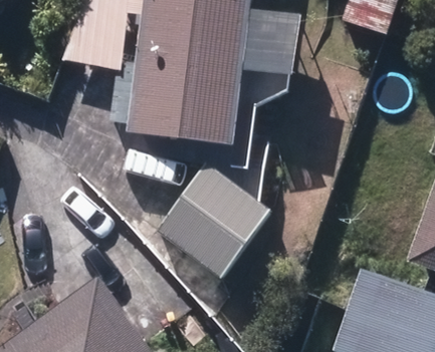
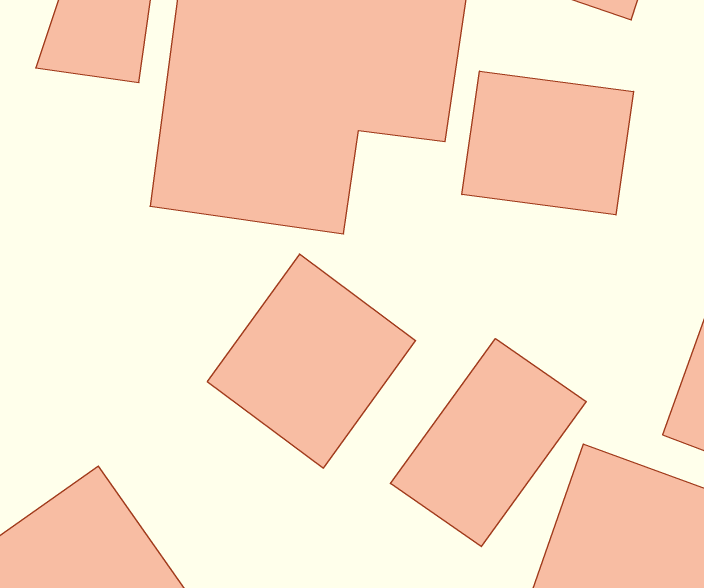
building: none -> [462,71,634,215]
building: none -> [390,339,586,547]

